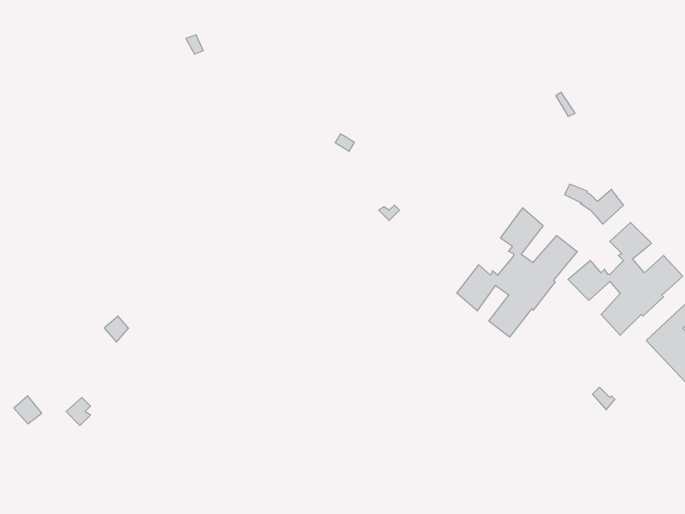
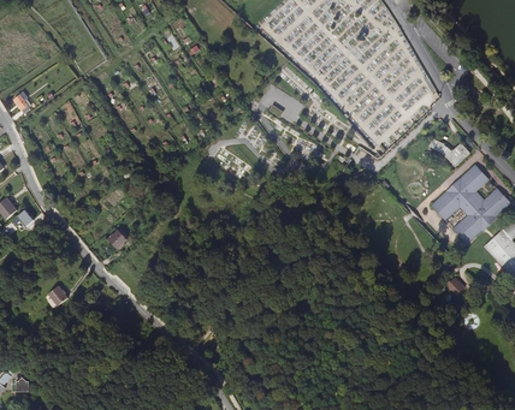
building: [457,208,577,337] -> none

